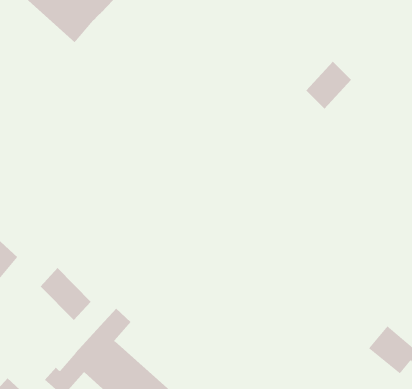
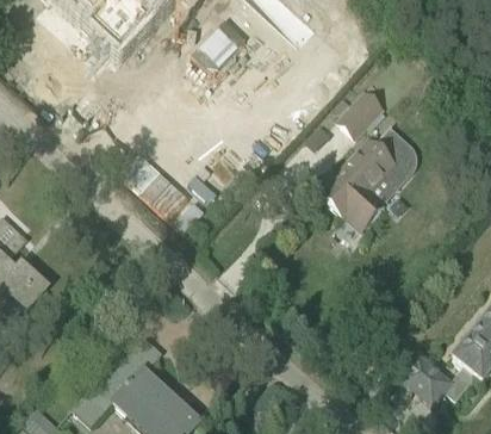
building: none -> [322,132,415,223]
building: [40,267,91,321] -> none

